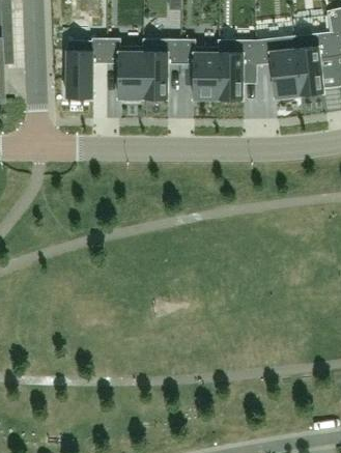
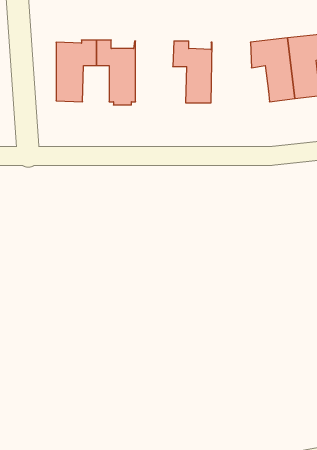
building: [143,40,180,100] -> none
building: [217,41,256,101] -> none

